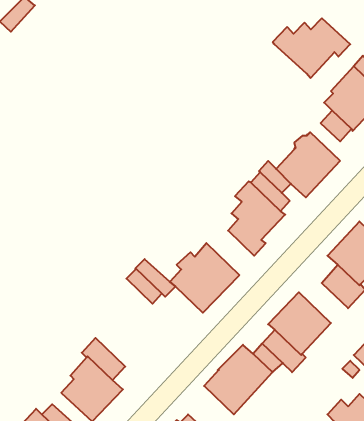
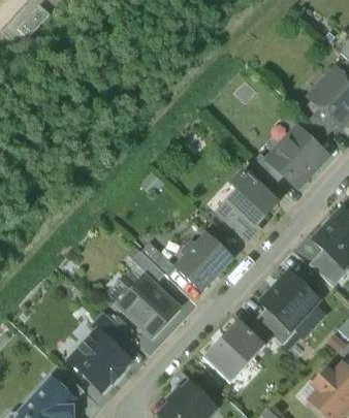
building: [273,18,350,78] -> none
building: none -> [119,278,177,335]

